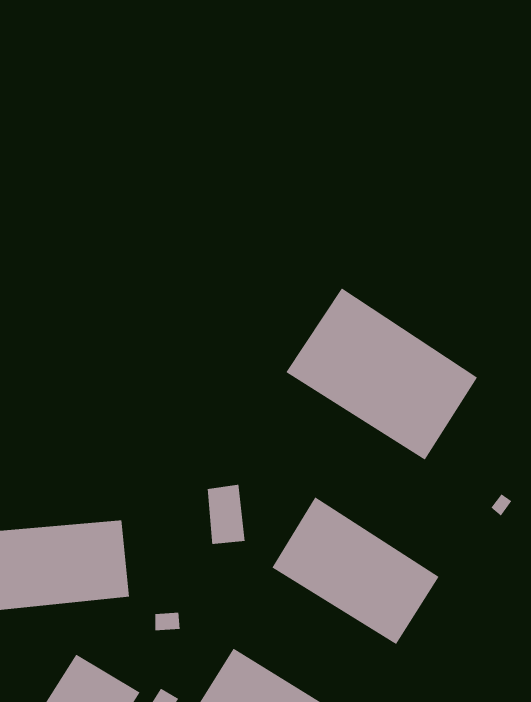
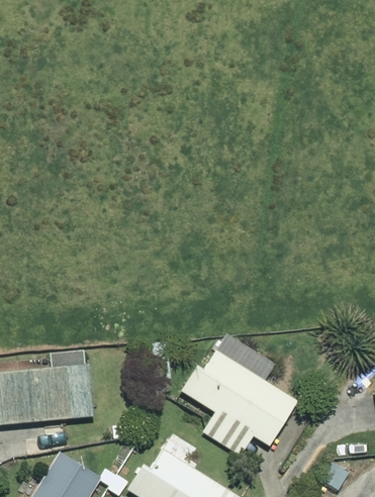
building: [286,288,478,460] -> none

